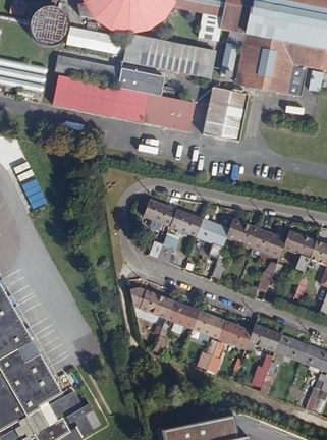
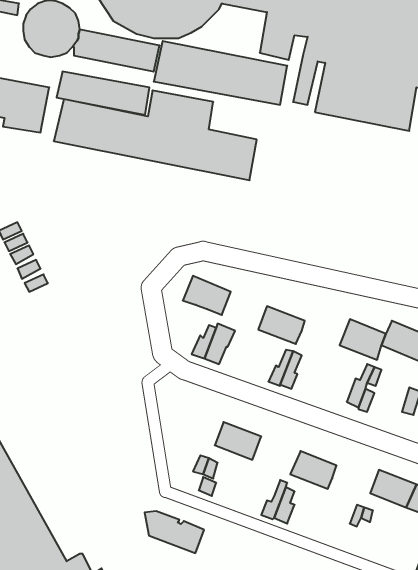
building: [203,87,248,140] -> none
building: [170,209,202,235] -> none
building: [226,218,260,246] -> none
building: [129,287,171,317] -> [145,511,204,553]
building: [192,311,225,337] -> none
building: [248,324,280,350] -> none

